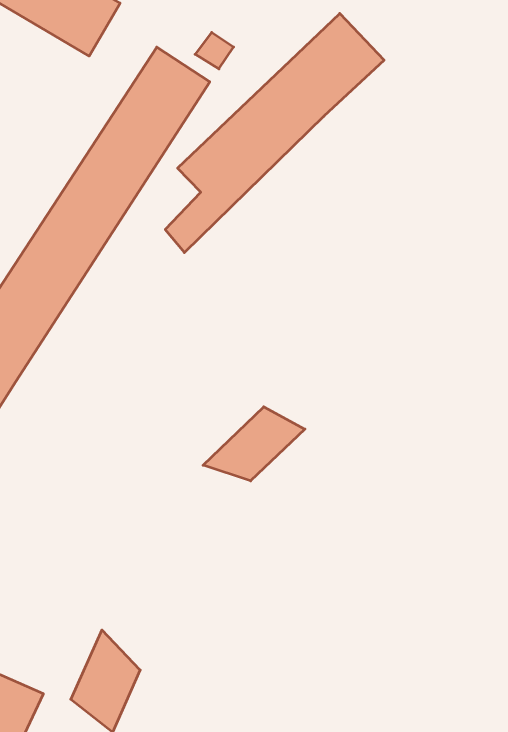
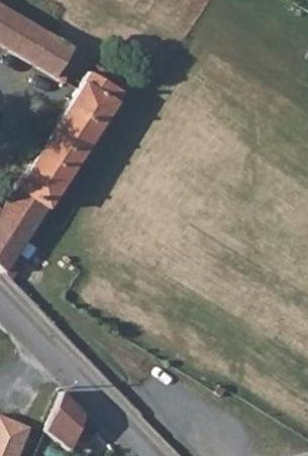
building: [165,13,384,253] -> none
building: [203,407,305,481] -> none

